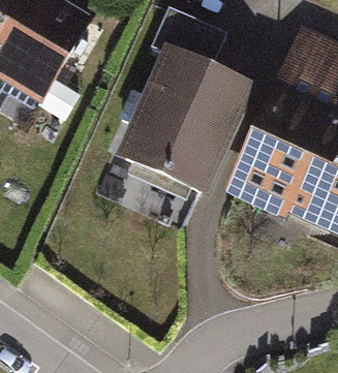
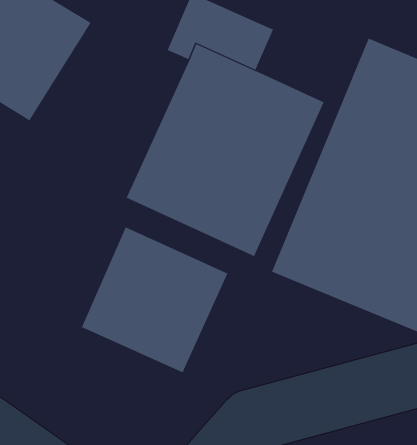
building: none -> [81,226,228,373]

